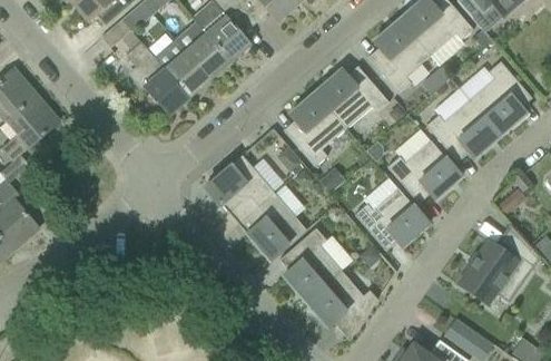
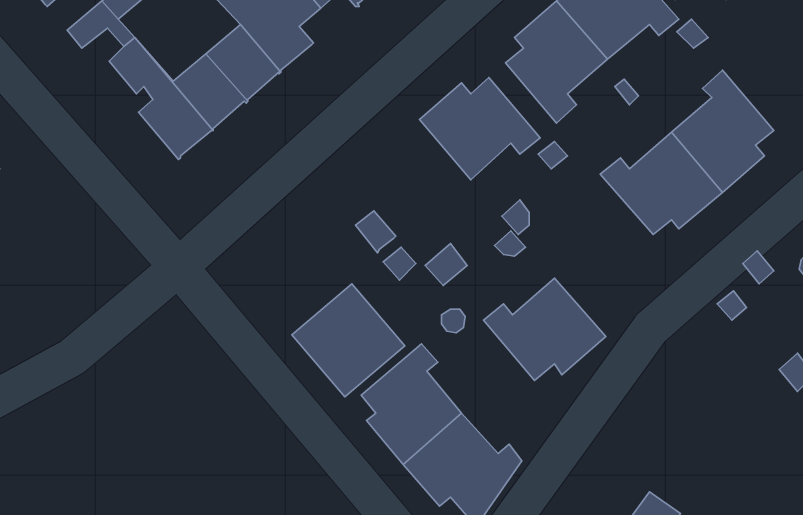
building: [283,90,346,165] -> none
building: [387,139,461,202] -> none
building: [204,154,274,222] -> none
building: [457,223,540,303] -> none

